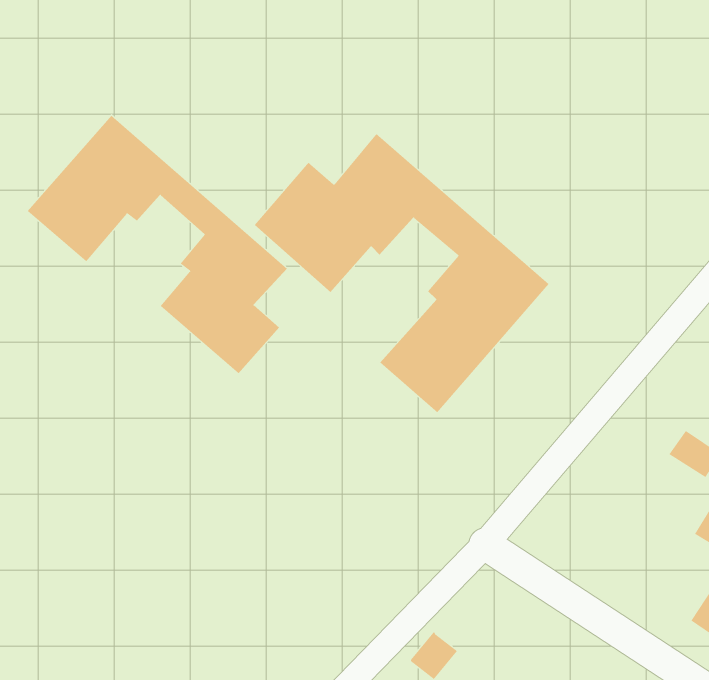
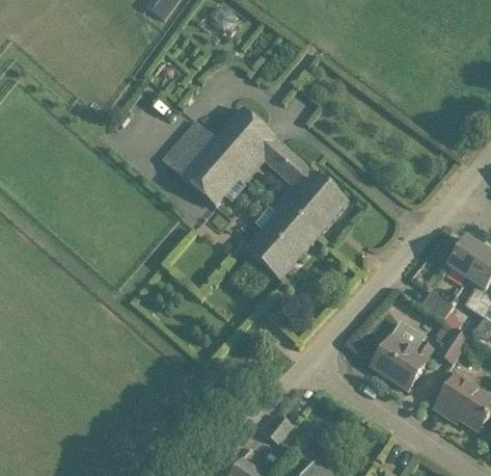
building: [27,115,288,374] -> none
building: none -> [371,320,432,390]

